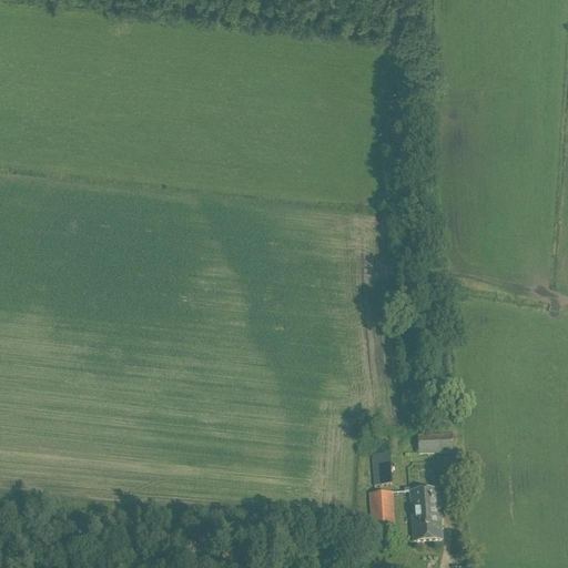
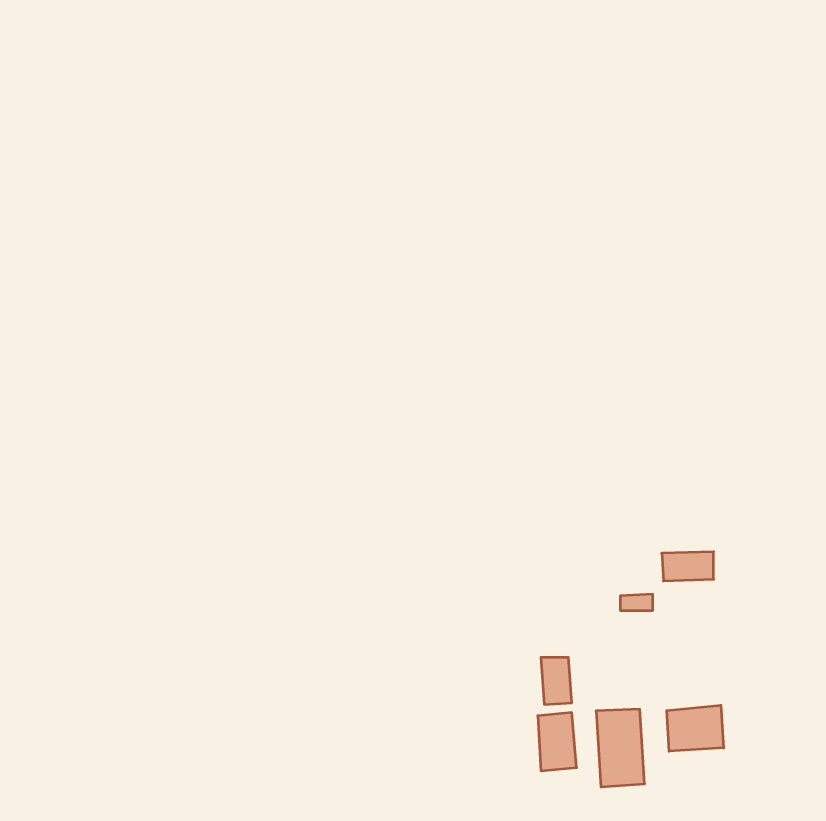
building: [416,430,452,450] -> [662,552,714,581]
building: none -> [667,705,724,751]

